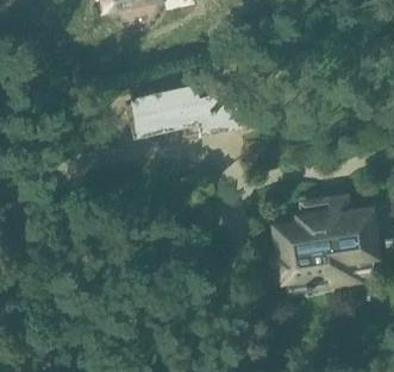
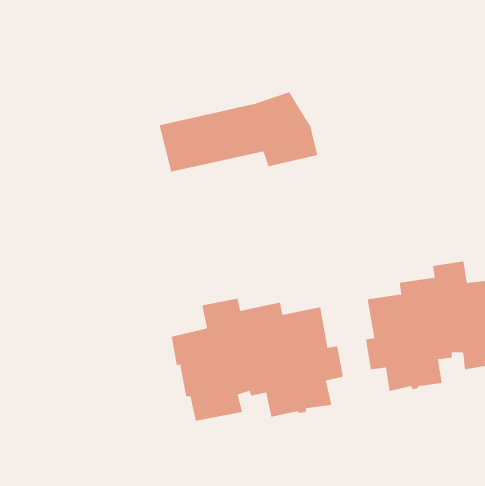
building: none -> [171,298,343,421]

